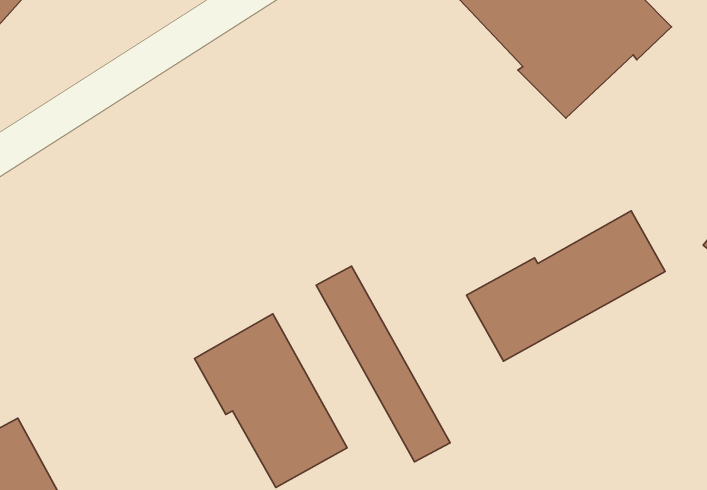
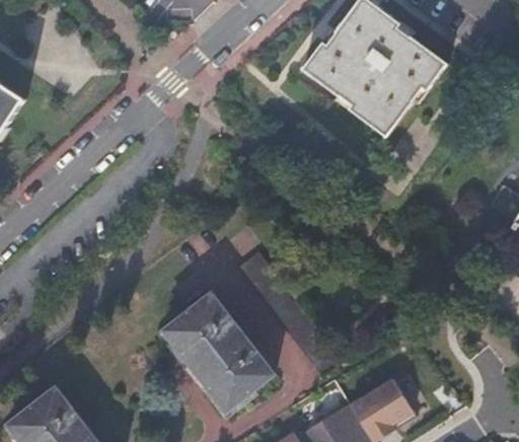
building: [466,211,665,361] -> none

